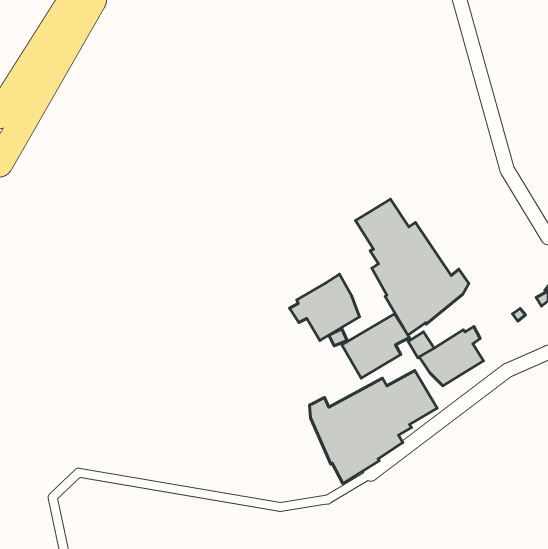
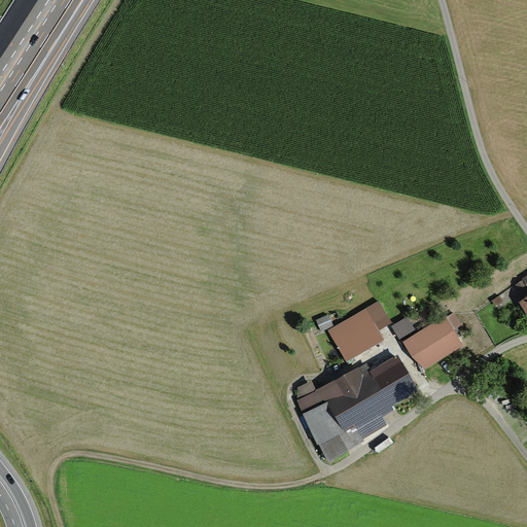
building: [355,199,469,335] -> none
building: [290,274,359,341] -> none

